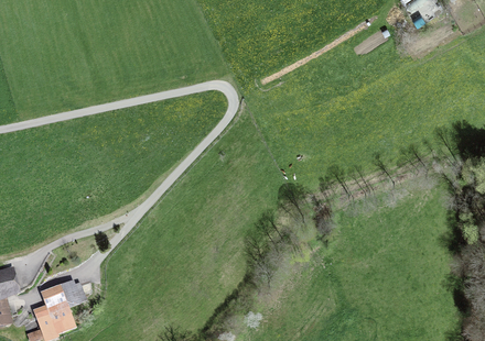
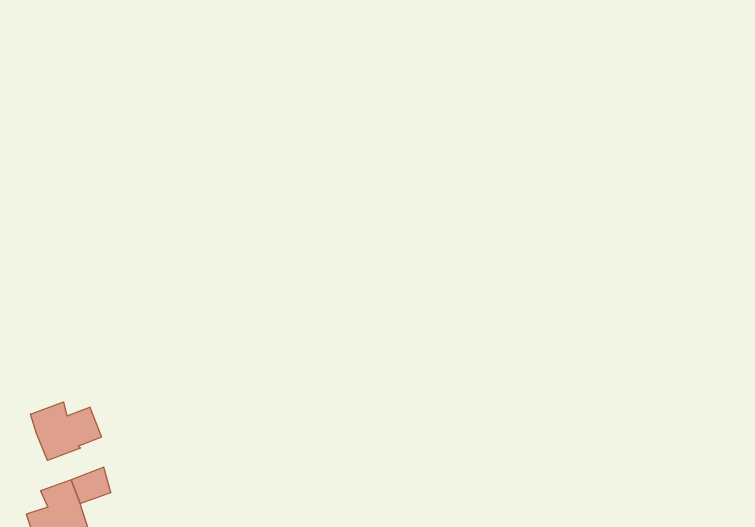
building: none -> [30,402,102,460]

